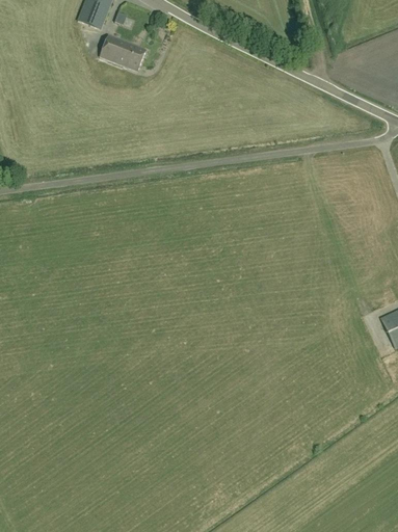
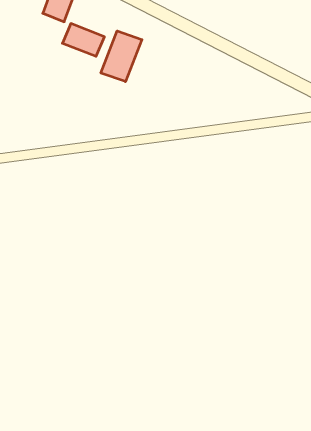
building: none -> [101,31,142,82]

